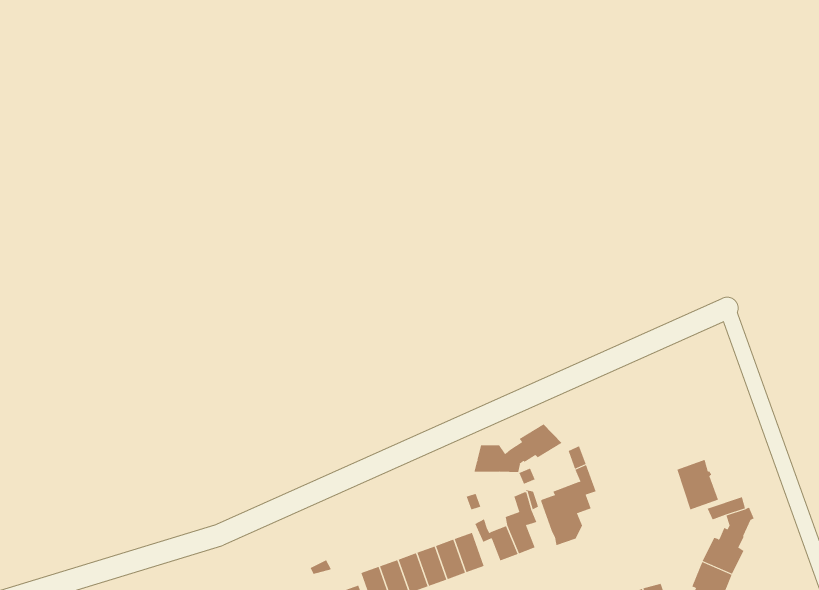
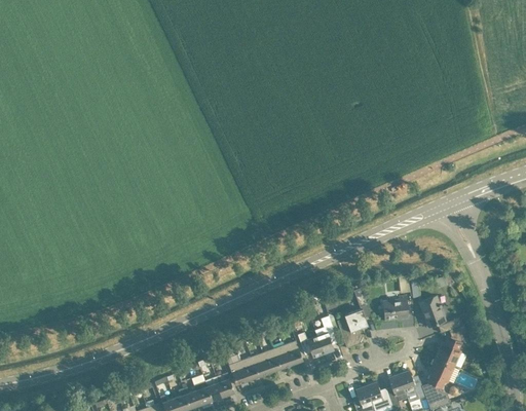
building: [474,424,562,473] -> none
building: none -> [382,295,408,320]

